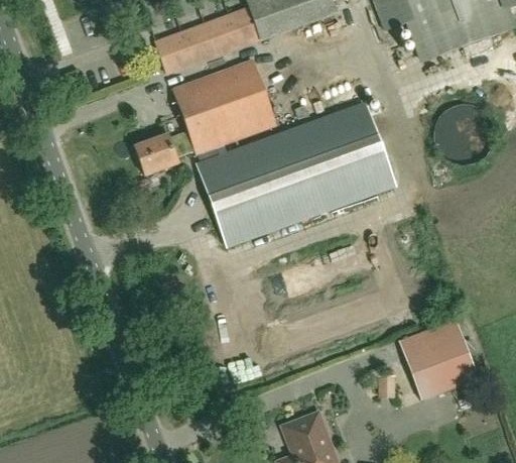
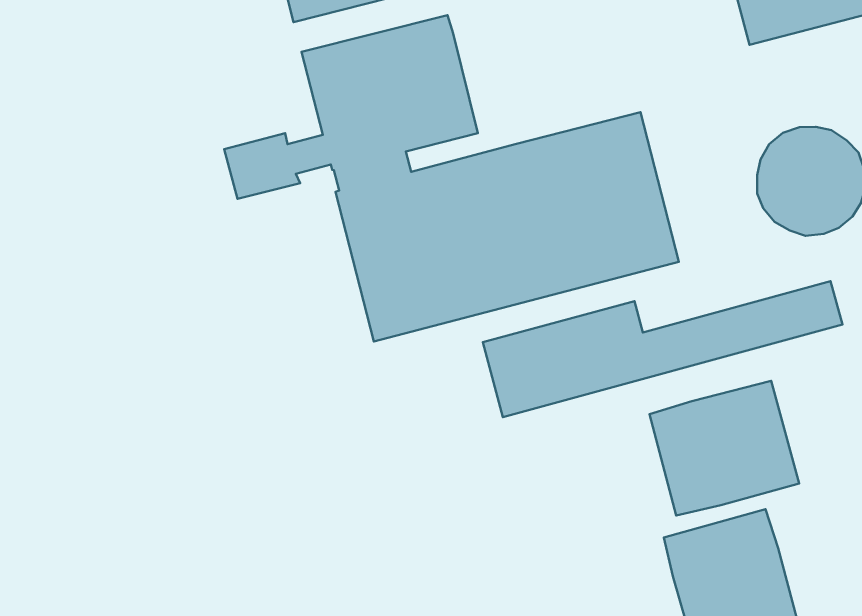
building: none -> [483,281,843,417]
building: none -> [649,381,799,516]

